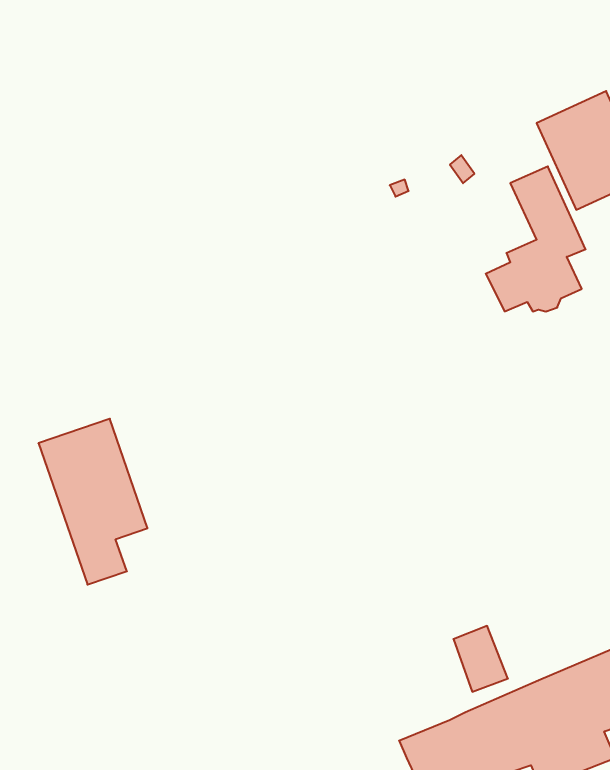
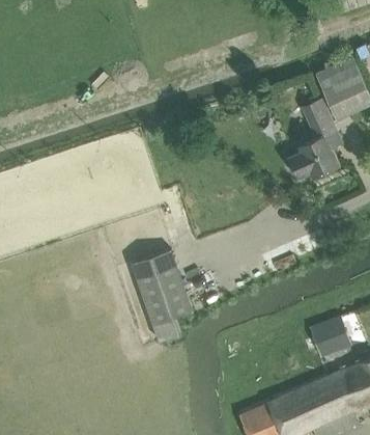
building: [38,419,148,585] -> [133,250,193,342]
building: [453,626,508,692] -> [310,321,340,357]

